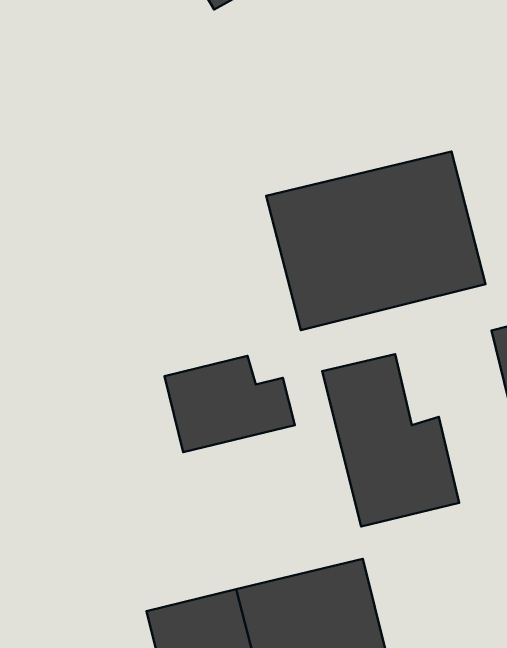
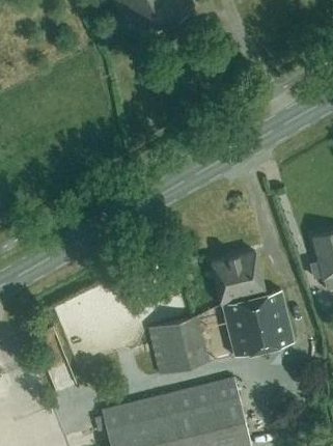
building: [266,151,485,330] -> none
building: [164,356,295,452] -> [147,316,227,375]

